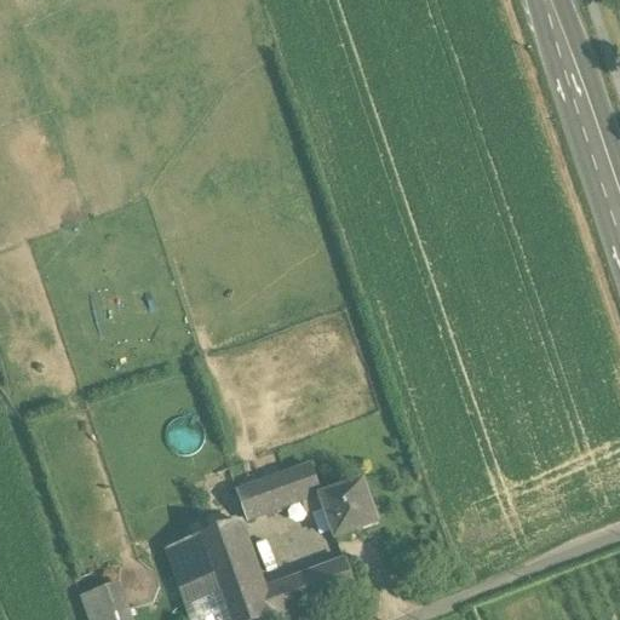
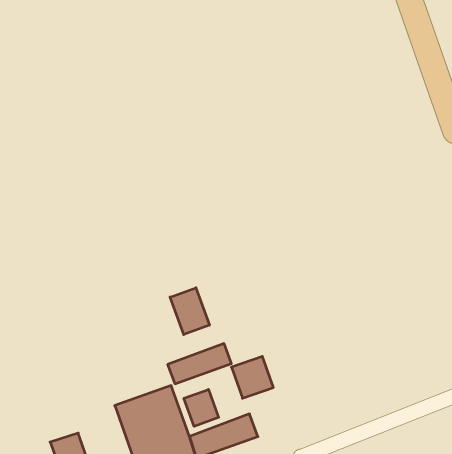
building: none -> [170,288,209,335]
building: none -> [184,389,219,426]

